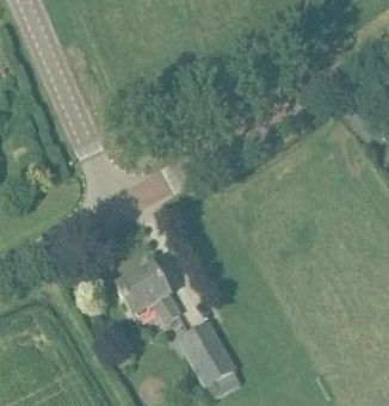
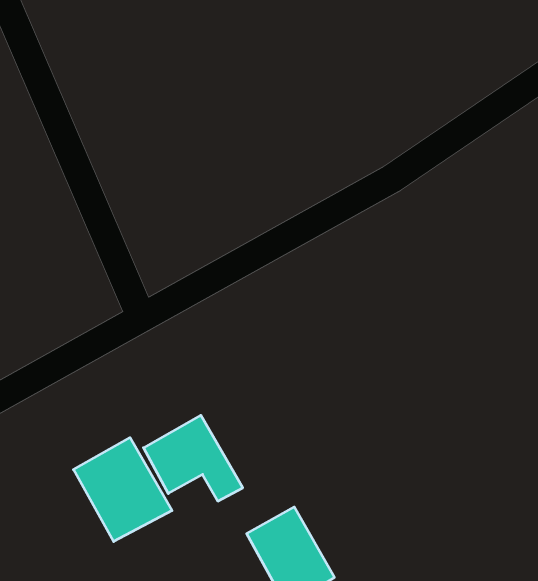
building: none -> [73,438,172,542]

